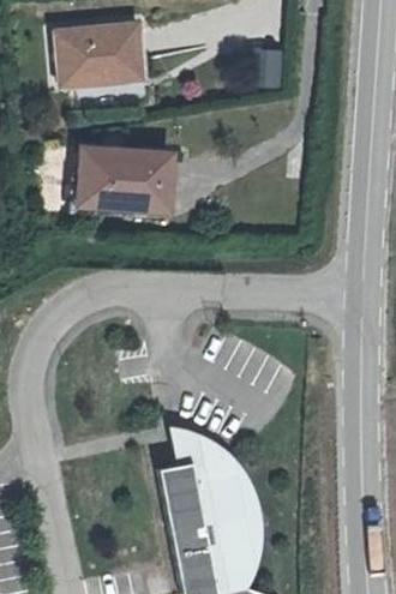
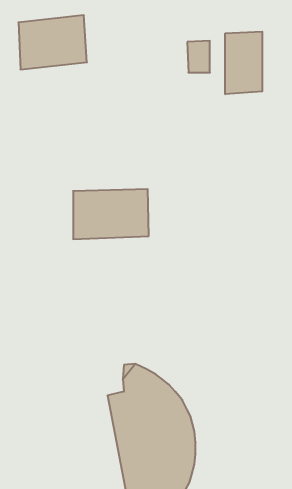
building: none -> [225,32,262,94]
building: [82,151,170,210] -> [73,189,149,239]

